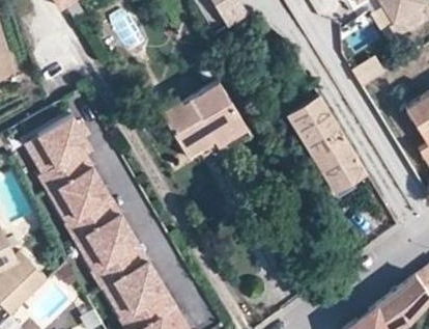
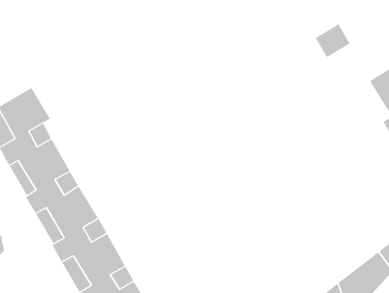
building: [161,80,247,159] -> none
building: [288,95,364,192] -> none

